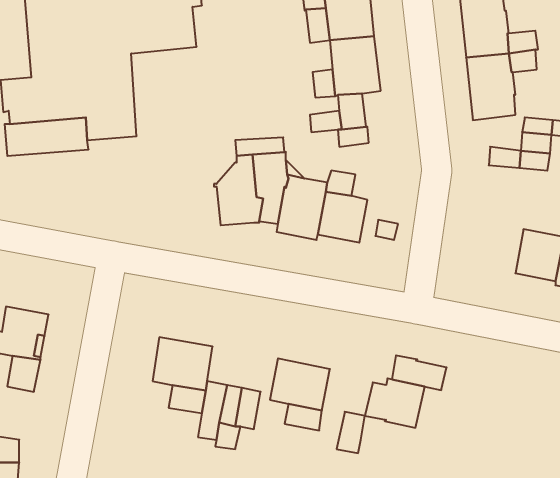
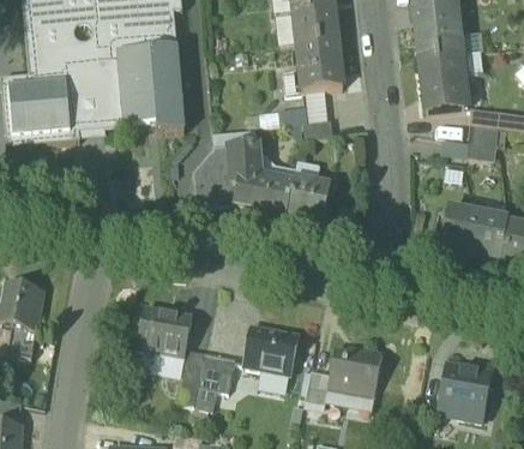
building: none -> [120,46,186,132]
building: none -> [436,205,472,250]
building: [392,355,447,390] -> [326,378,375,409]
building: none -> [440,364,492,418]

